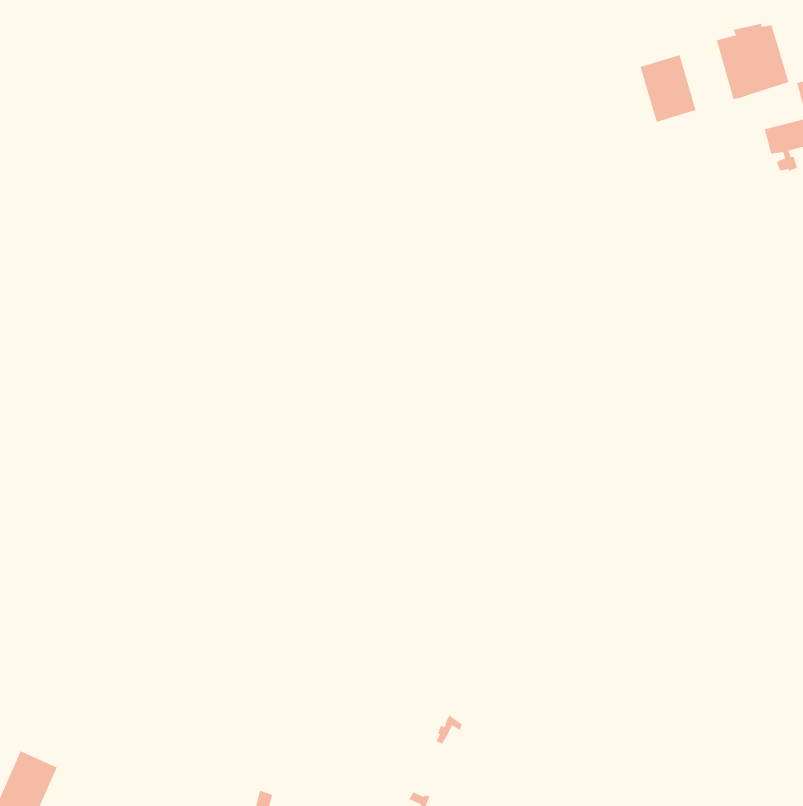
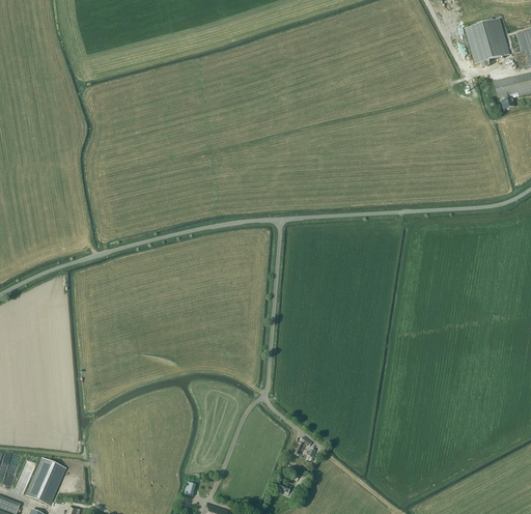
building: [640,54,697,123] -> none

